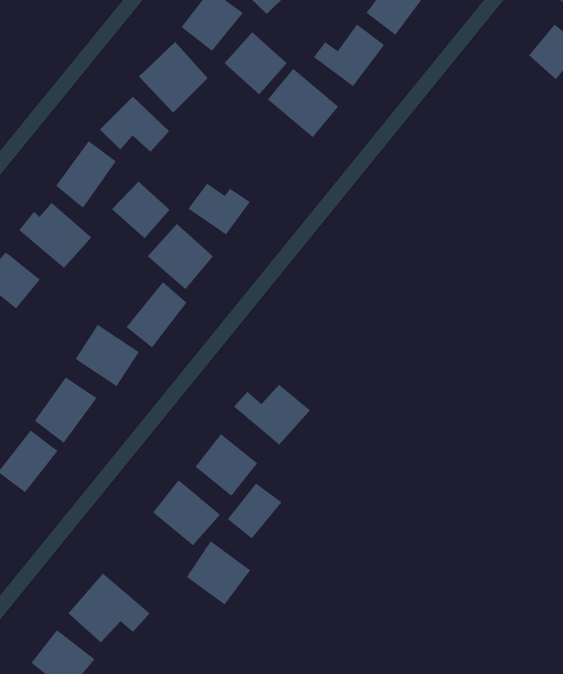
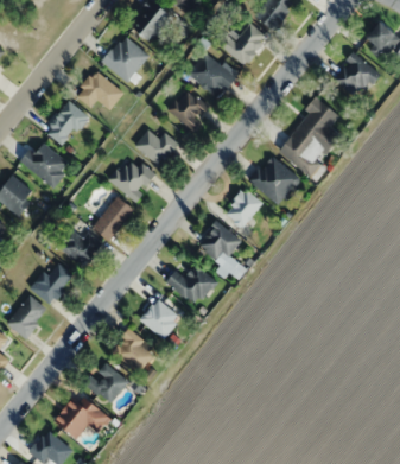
building: [224,32,287,95] -> [167,88,210,131]
building: none -> [335,53,377,97]
building: none -> [278,98,338,179]
building: [111,181,170,239] -> none
building: none -> [249,155,300,206]
building: none -> [224,189,273,227]
building: none -> [197,221,247,279]
building: [227,482,283,539] -> none
building: [186,540,251,605] -> [84,361,128,405]

